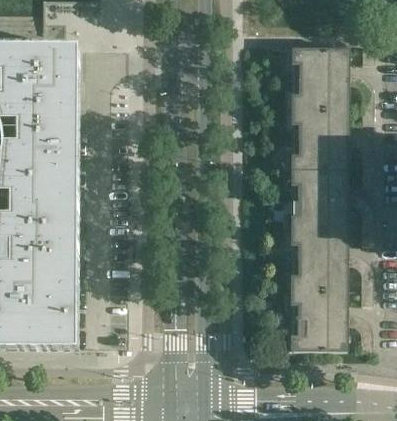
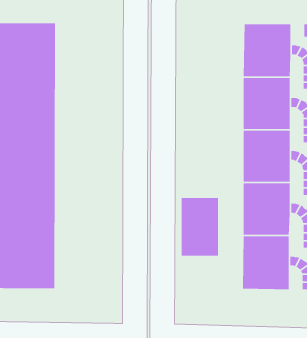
building: none -> [181,197,219,257]

